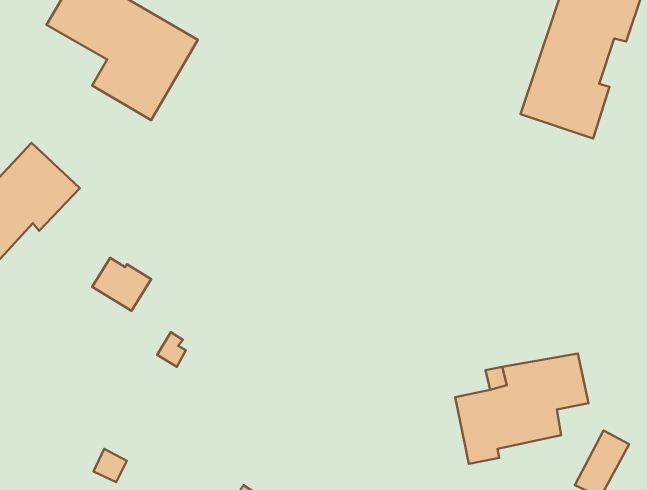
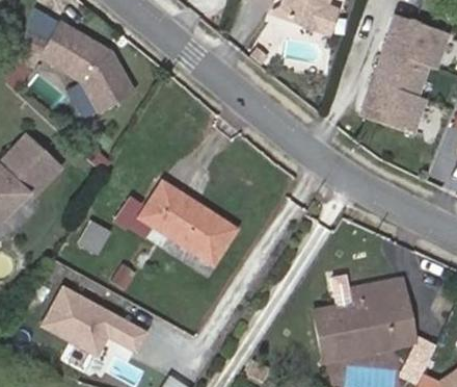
building: none -> [140,183,235,262]
building: none -> [43,288,147,357]
building: none -> [346,316,413,354]

